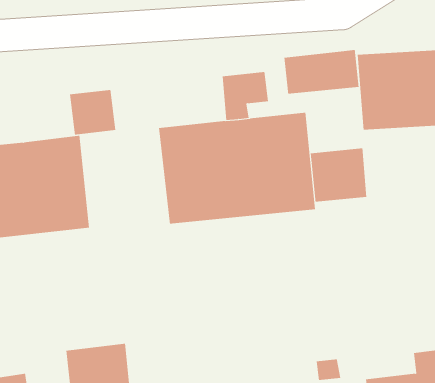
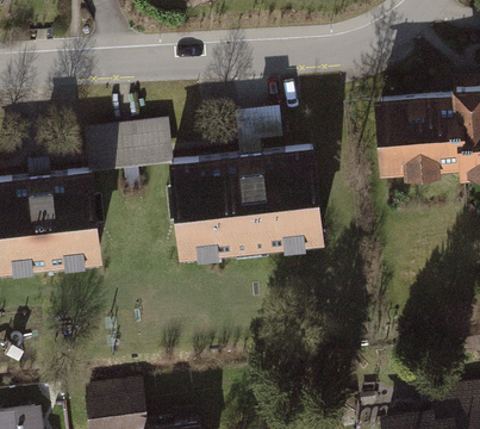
building: [284,49,359,95] -> none
building: none -> [126,123,173,168]
building: [310,148,367,202] -> none

